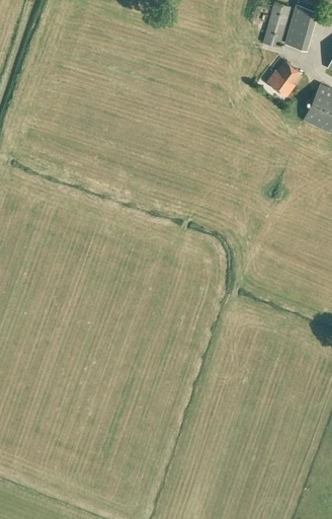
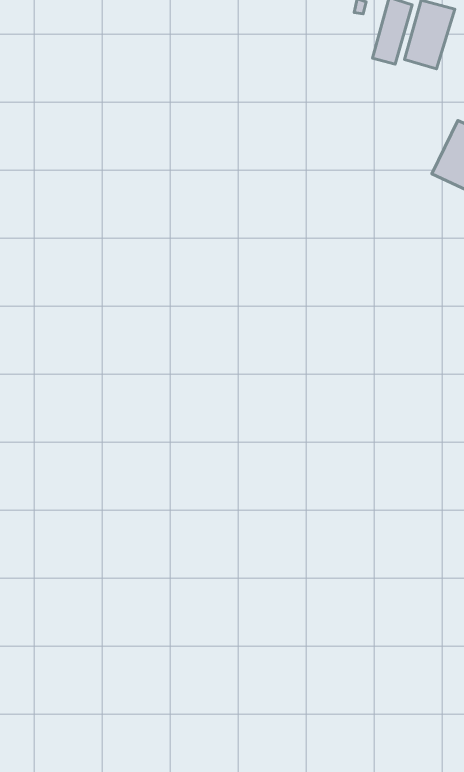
building: [266,62,302,96] -> none

